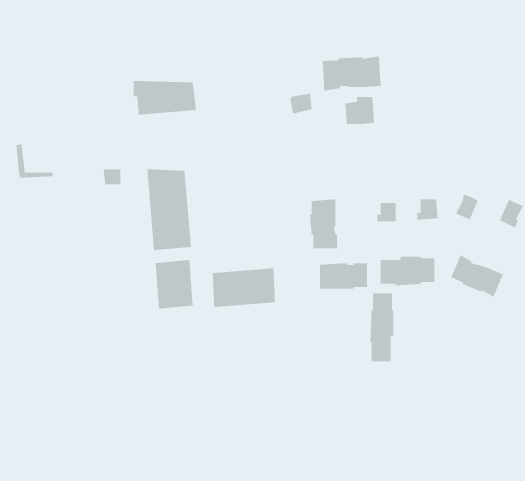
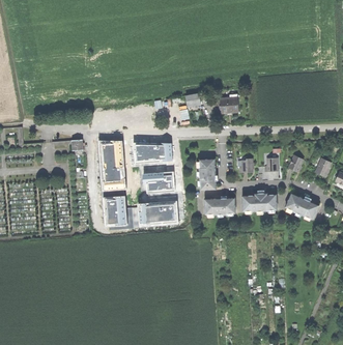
building: [322,55,381,92] -> none
building: [133,80,197,116] -> [134,141,173,163]
building: none -> [144,171,175,192]
building: [370,292,394,362] -> none

